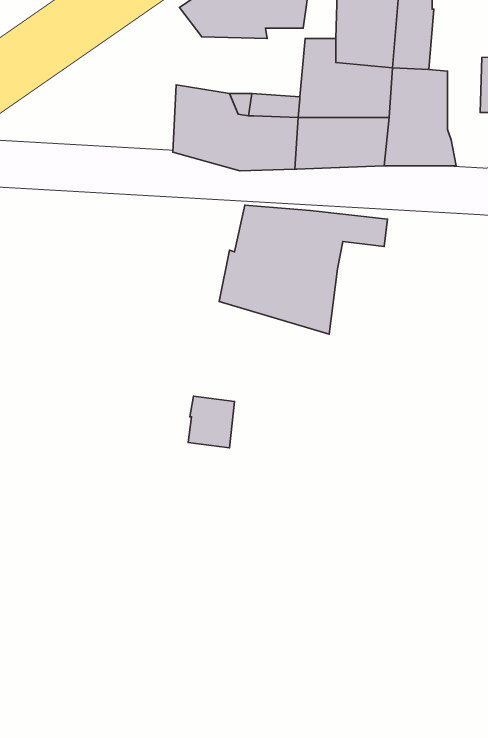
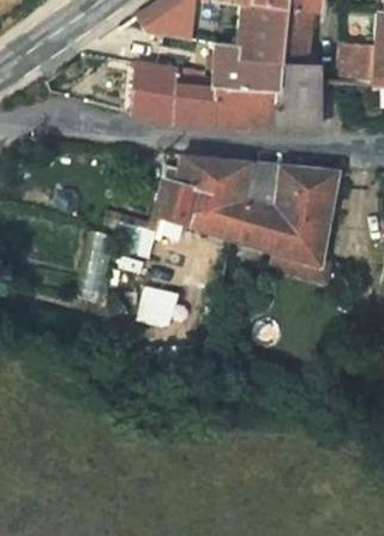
building: none -> [238,163,343,267]

